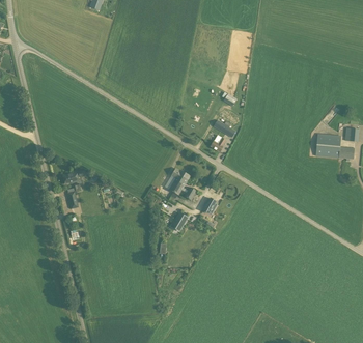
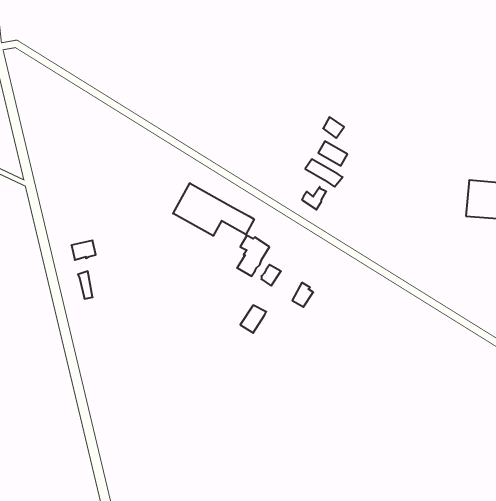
building: none -> [173,183,254,236]

